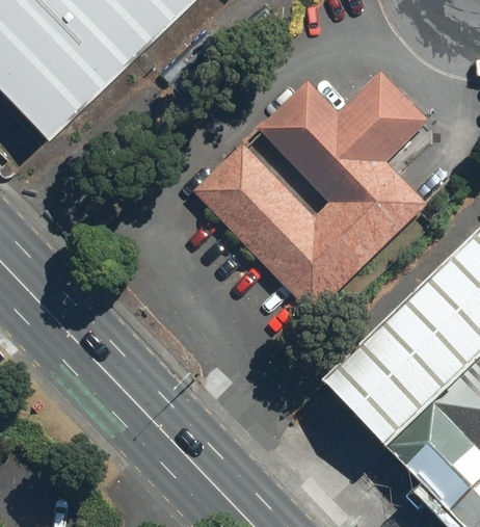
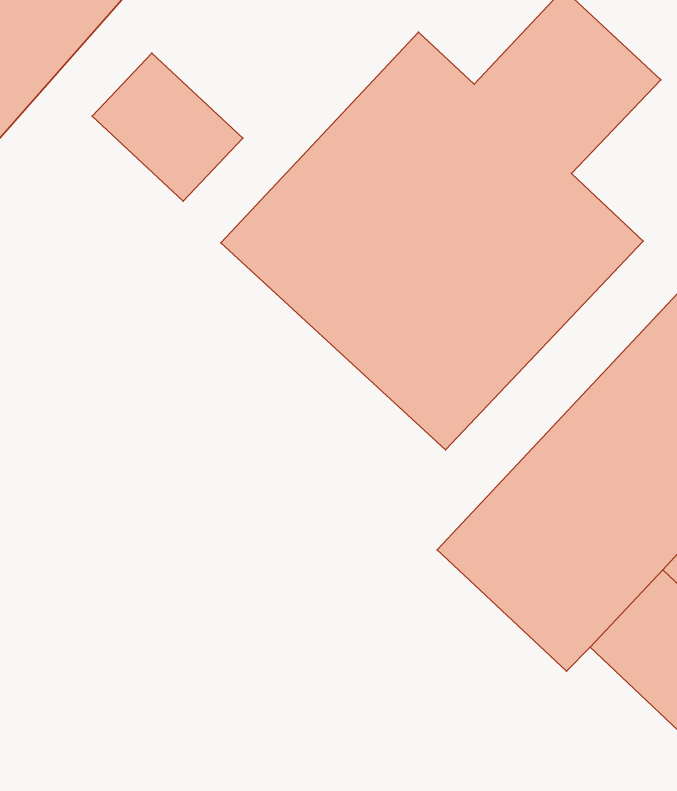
building: none -> [92,53,243,201]

